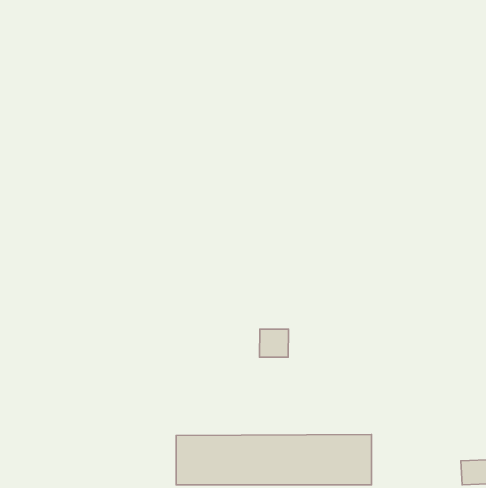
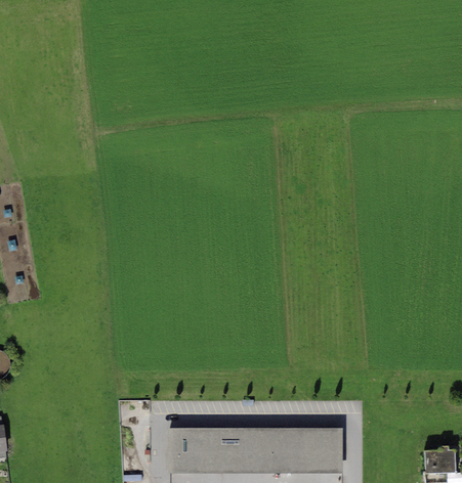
building: [260,329,289,357] -> none

